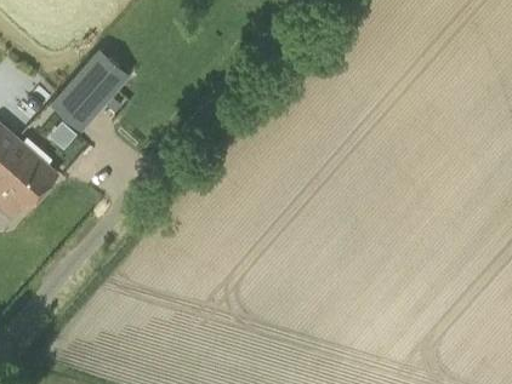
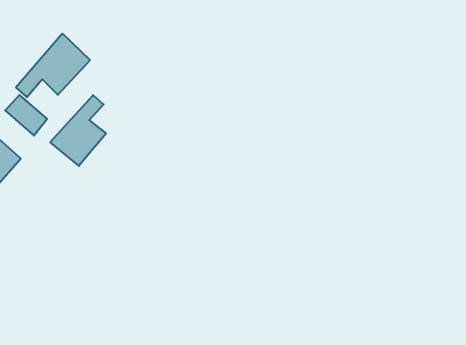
building: none -> [50,95,106,166]

